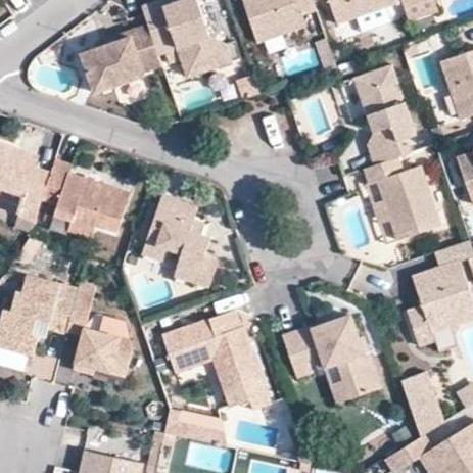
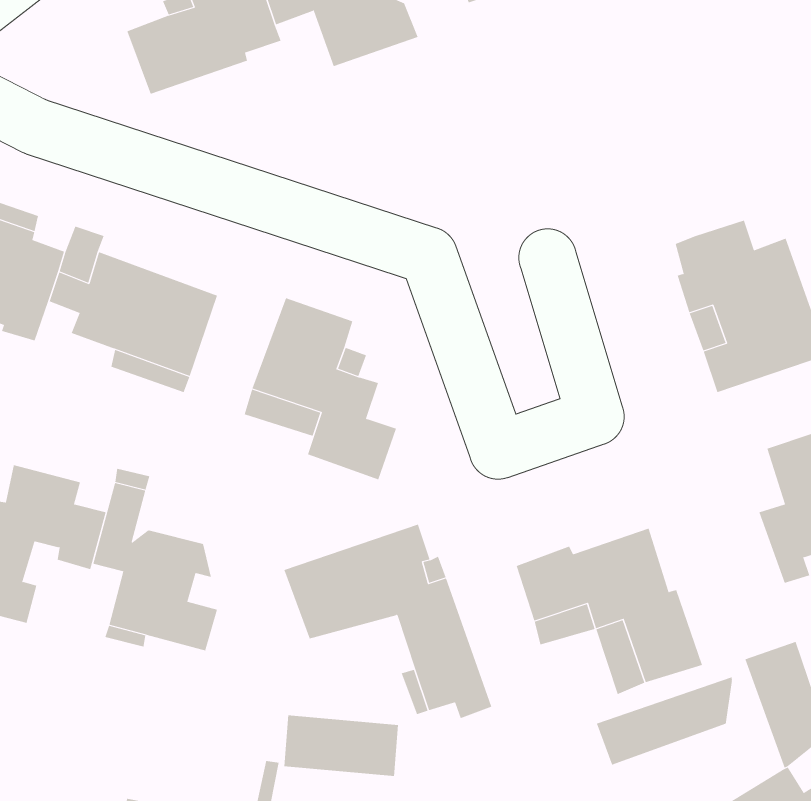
building: [356,64,416,163] -> none
building: none -> [596,677,732,765]

